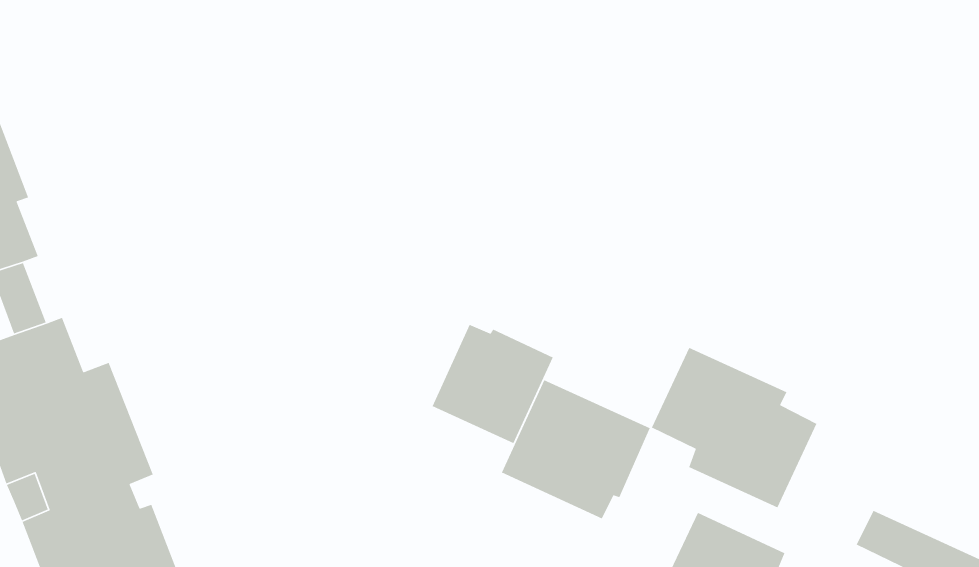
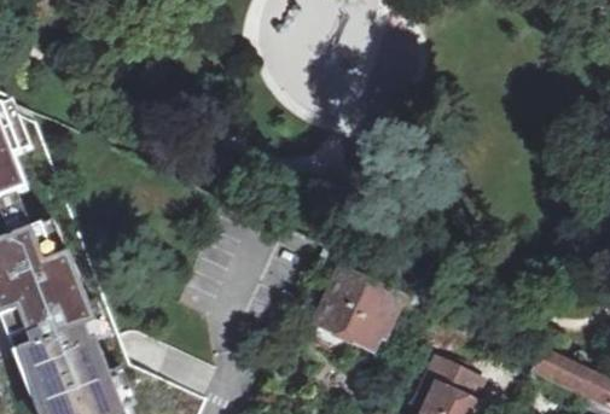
building: [432,324,554,444] -> none
building: [651,347,817,509] -> none

